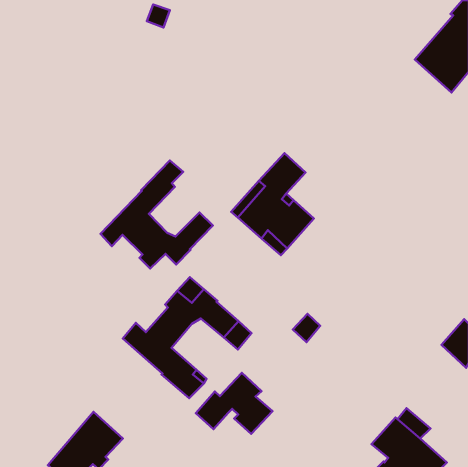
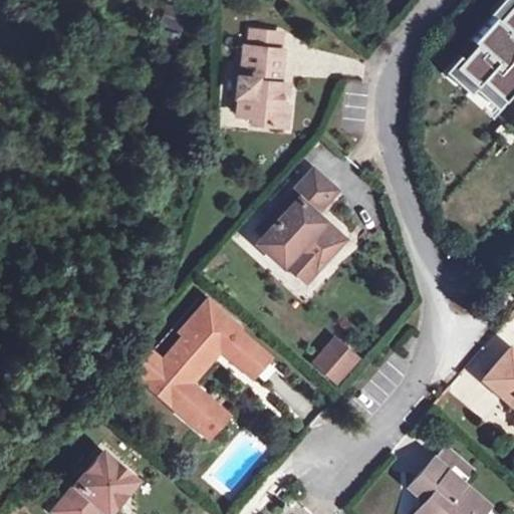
building: none -> [235,31,287,126]
building: [101,161,213,269] -> none
building: [196,373,272,434] -> none

